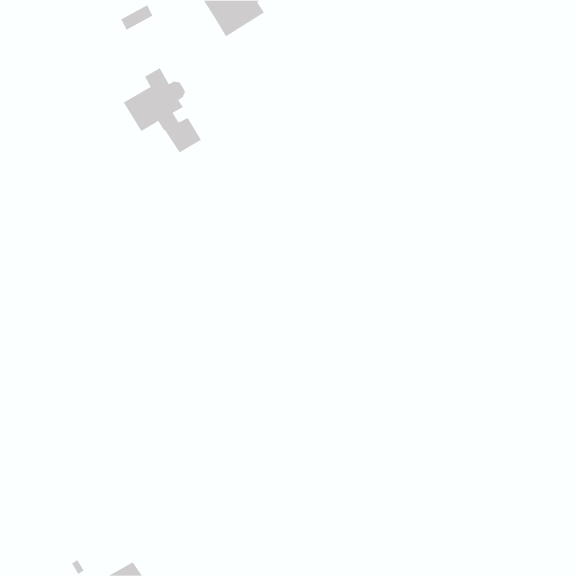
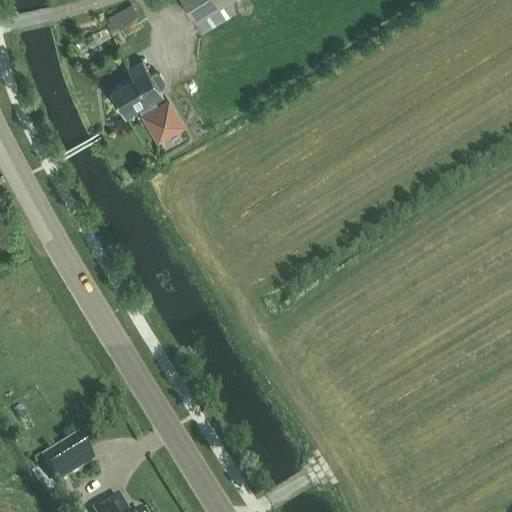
building: none -> [43,438,94,485]

